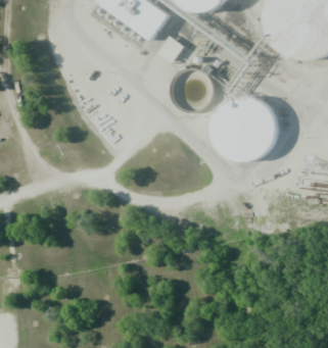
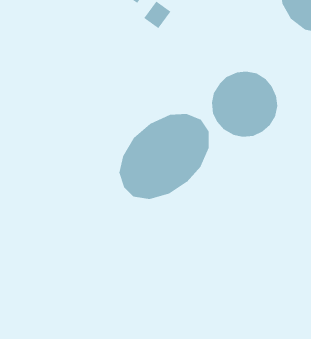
building: none -> [118,113,210,200]

